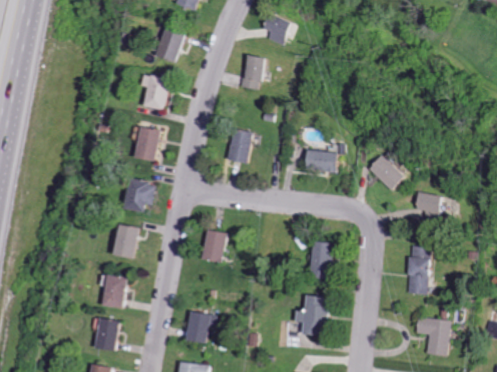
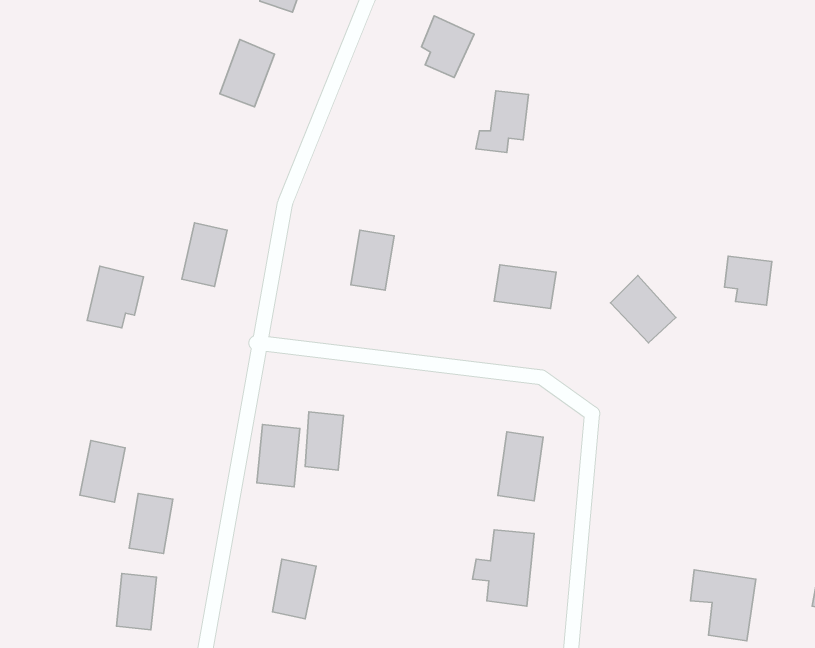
building: [237,55,266,89] -> [476,91,529,153]
building: [140,73,168,111] -> none
building: [123,179,154,213] -> [87,266,144,328]
building: [418,193,444,220] -> [725,256,772,305]
building: [113,225,138,259] -> [80,441,125,502]
building: none -> [257,425,300,487]
building: [406,246,429,295] -> none

